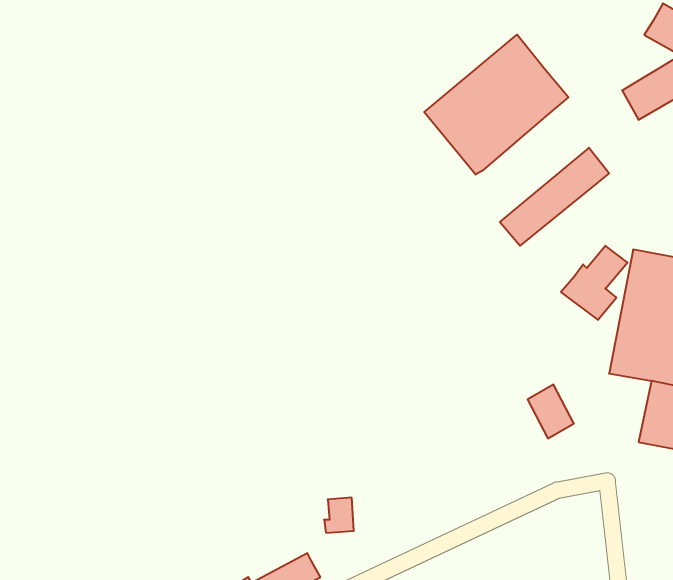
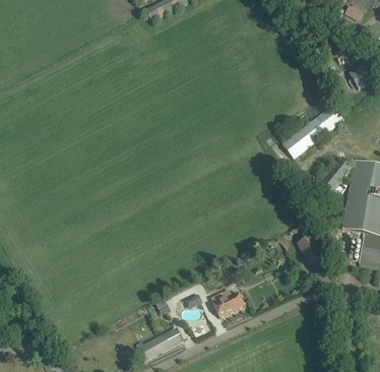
building: [424,35,568,175] -> none
building: none -> [213,292,244,316]

